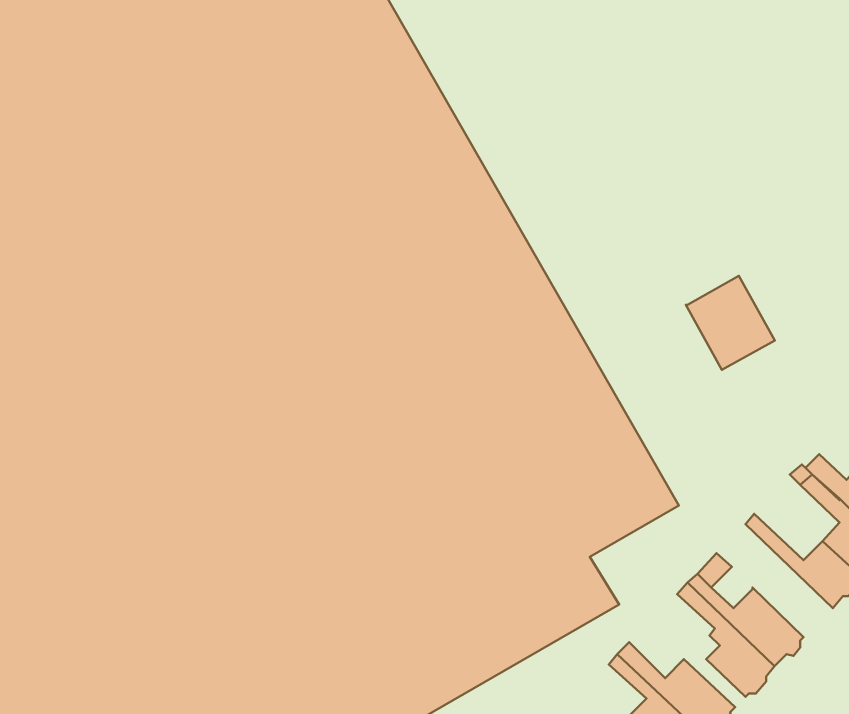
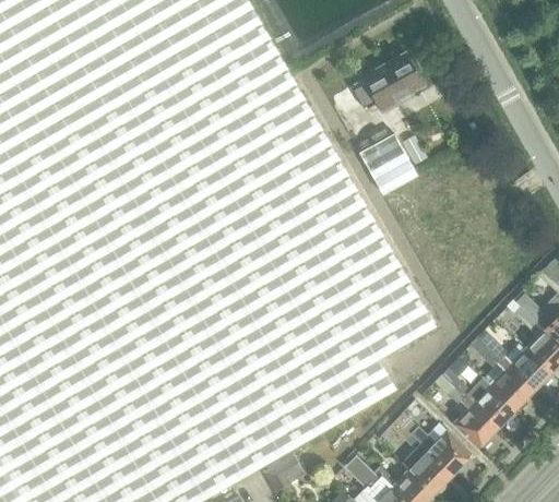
building: none -> [352,56,423,112]
building: [686,276,775,370] -> [359,133,416,193]
building: none -> [469,337,533,409]

